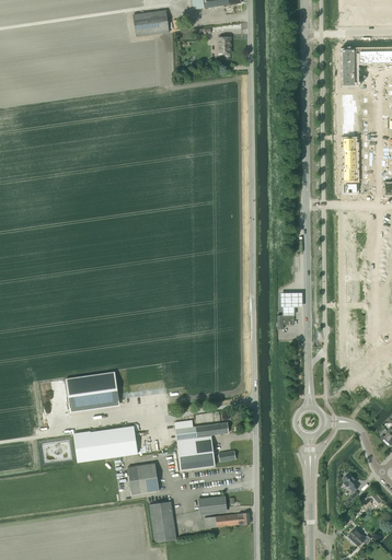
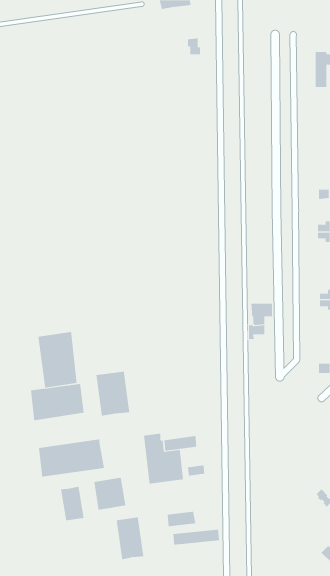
building: [132,11,168,37] -> none
building: none -> [38,331,77,388]
building: none -> [96,371,130,417]
building: none -> [61,486,84,521]

